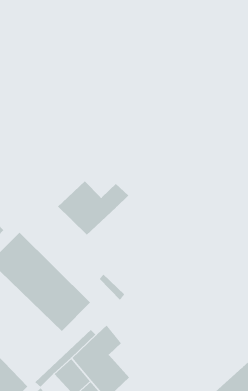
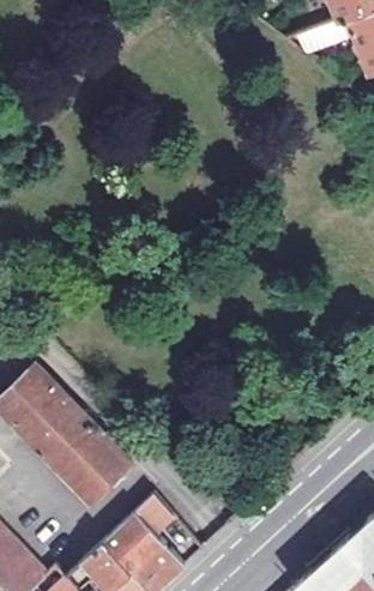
building: [57,180,129,235] -> none

